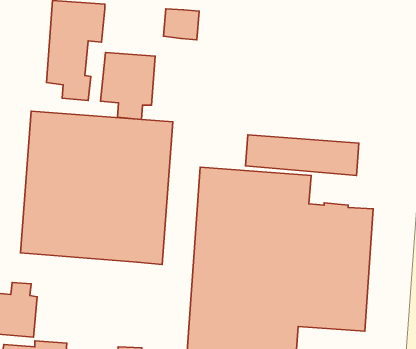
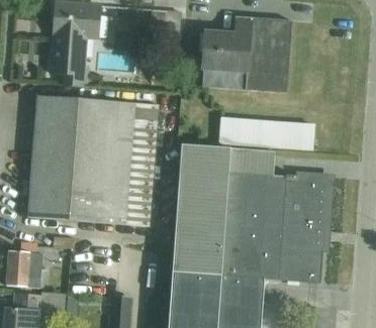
building: none -> [202,15,292,92]
building: [100,53,155,119] -> none

